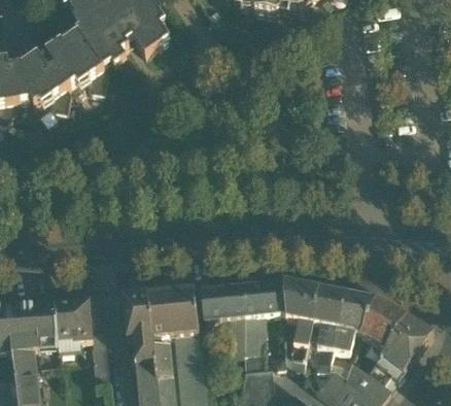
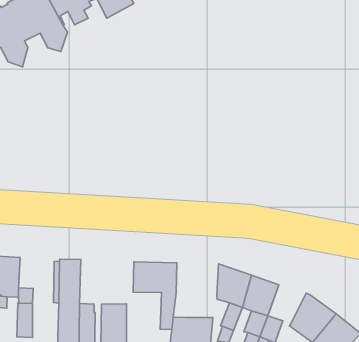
building: [243,279,286,337] -> none
building: [148,287,199,335] -> none
building: [339,293,374,330] -> none

